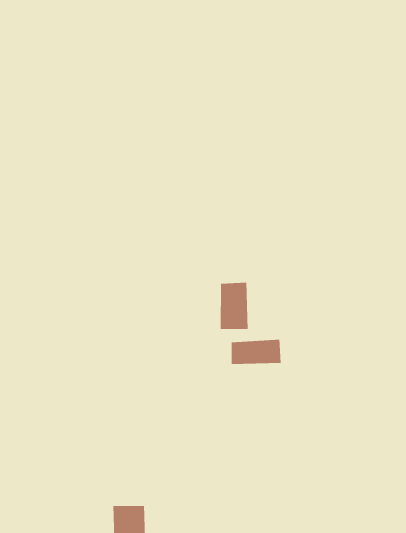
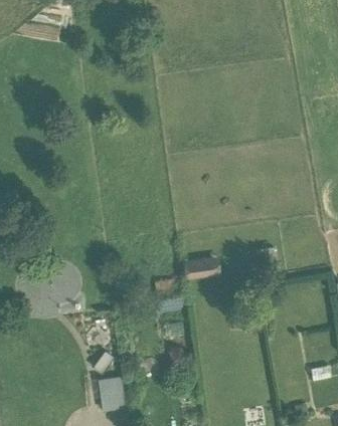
building: [220,282,248,330] -> none

